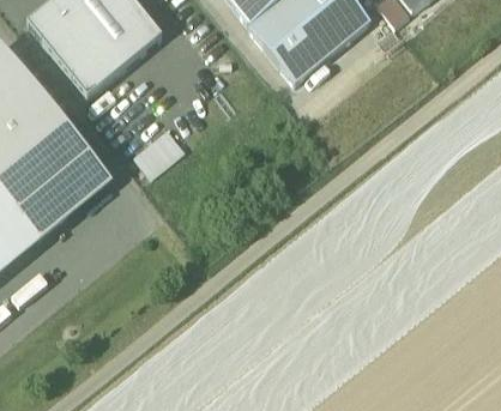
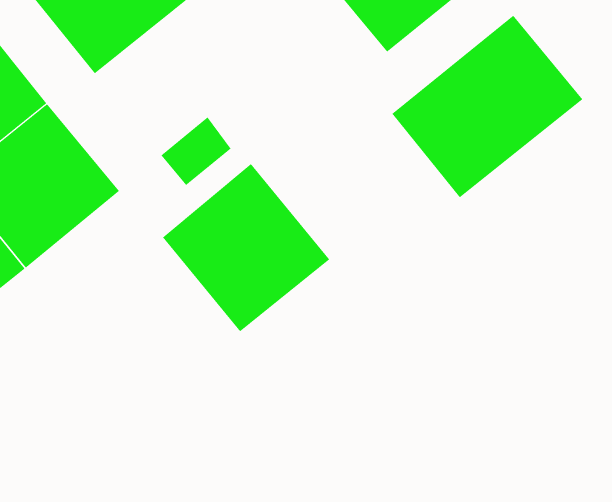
building: none -> [391,15,583,198]
building: none -> [162,163,330,332]

